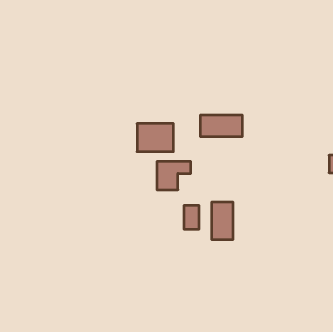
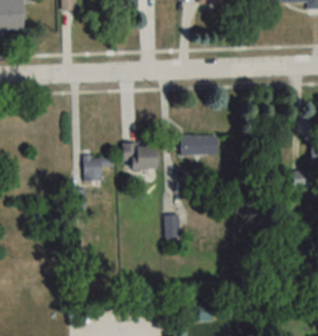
building: [157,162,191,190] -> [84,157,114,181]
building: [212,202,233,240] -> none

